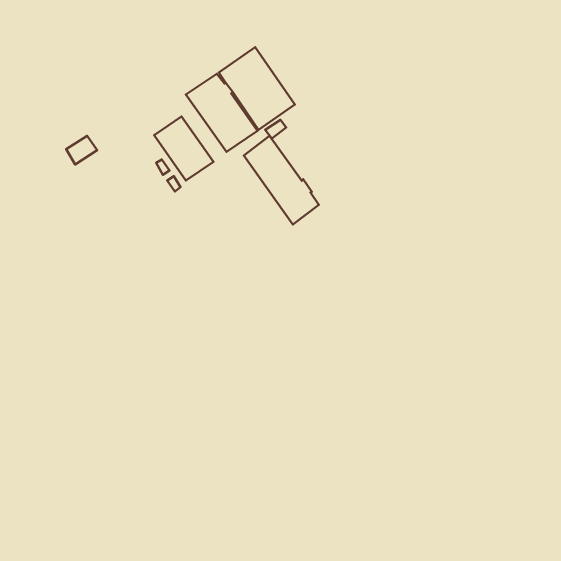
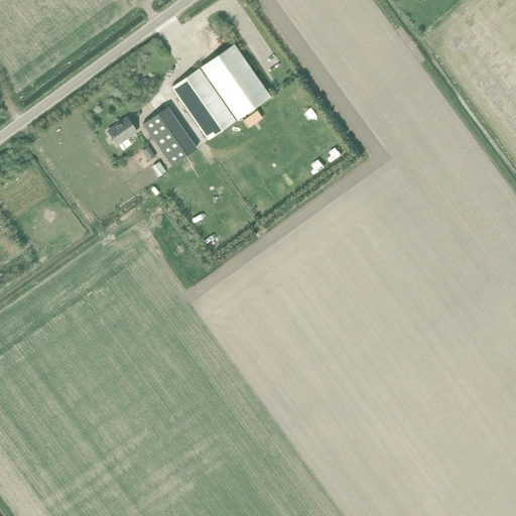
building: [244,136,319,225] -> none
building: [66,136,97,165] -> [107,117,135,143]

